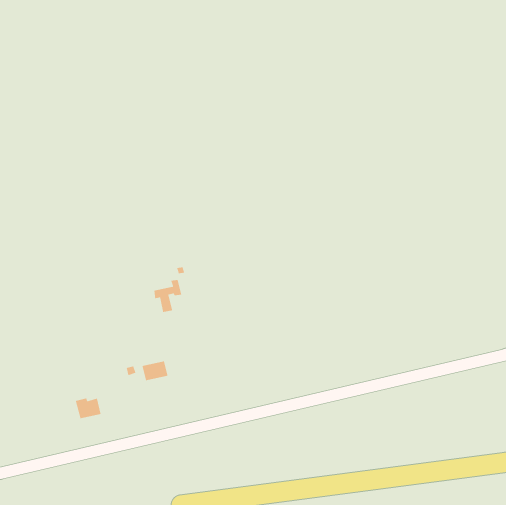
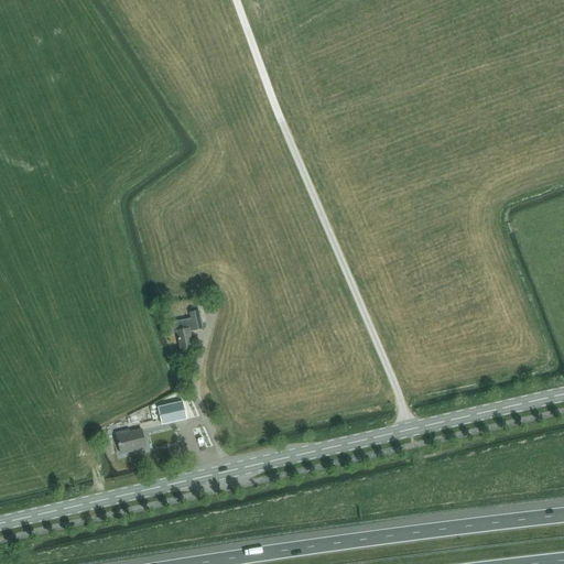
building: [75,398,102,419] -> [116,429,145,453]

